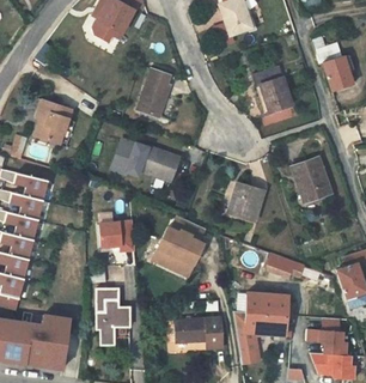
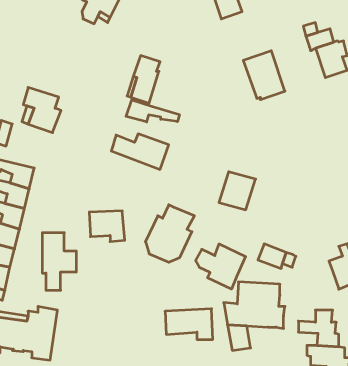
building: none -> [126,100,179,122]
building: [292,158,331,201] -> none
building: none -> [196,244,246,289]
building: [97,290,130,346] -> [42,233,76,290]

